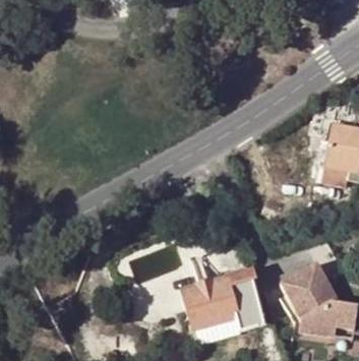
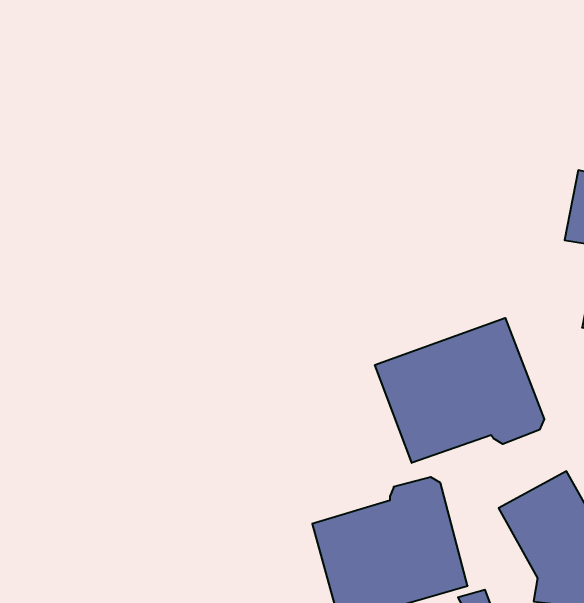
building: none -> [375,318,544,463]

